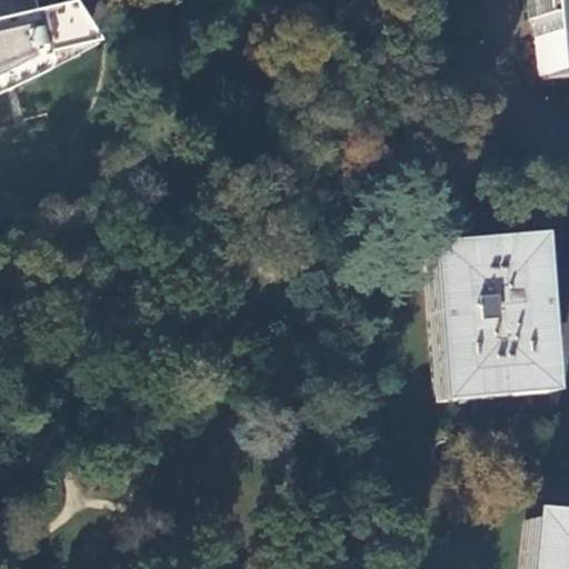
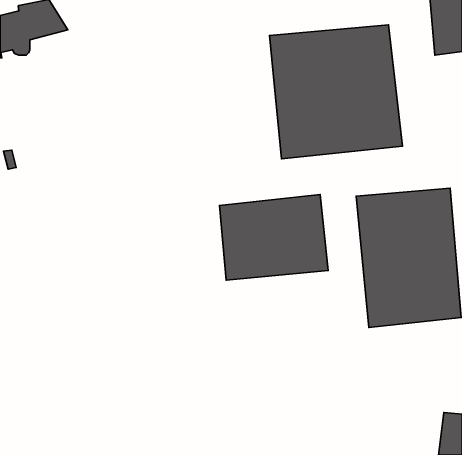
building: none -> [270,25,402,159]
building: none -> [220,195,328,280]

